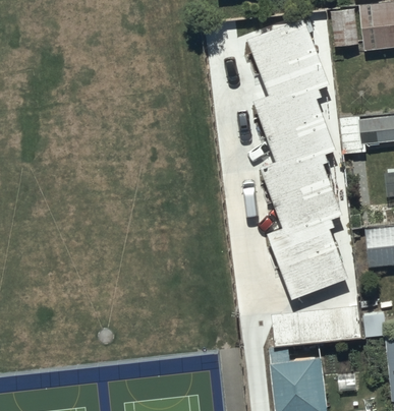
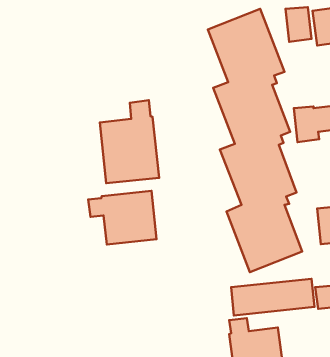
building: none -> [100,100,159,183]
building: none -> [88,191,157,244]

